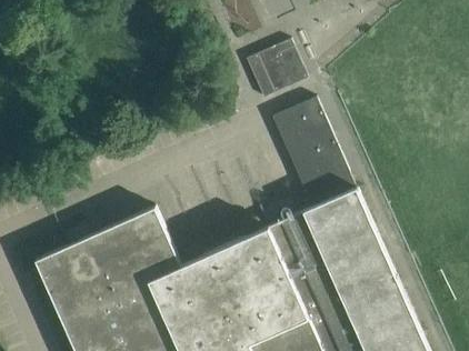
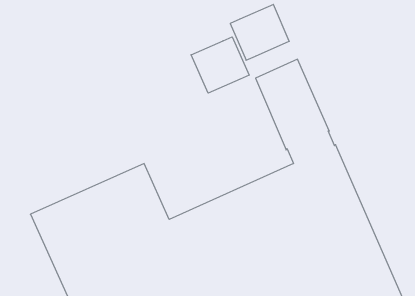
building: none -> [191,37,249,93]

